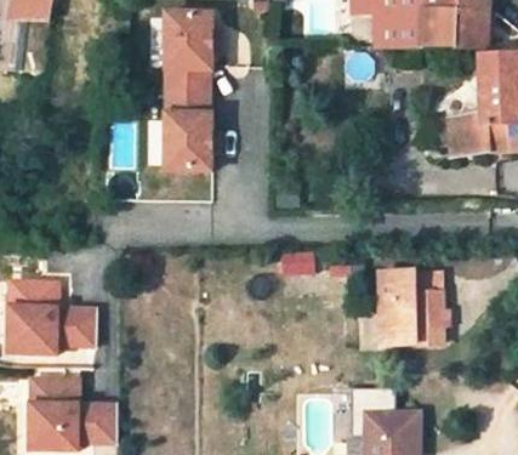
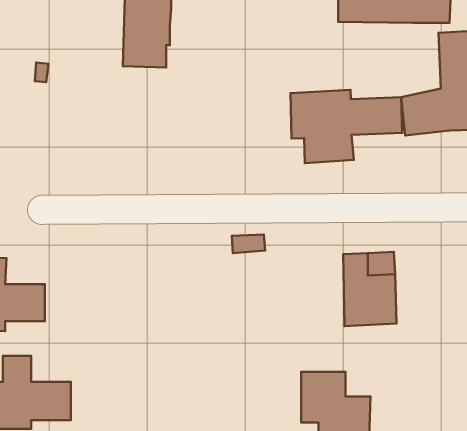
building: [165,90,212,170] -> none
building: none -> [290,90,402,163]

